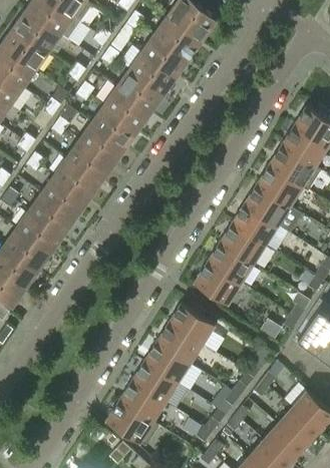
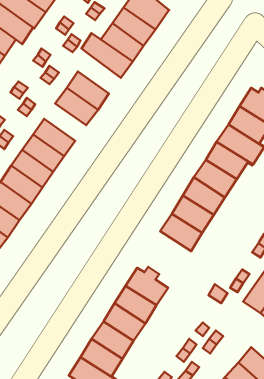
building: [116,69,163,111] -> none
building: [79,122,125,163] -> none
building: [195,263,241,304] -> none

